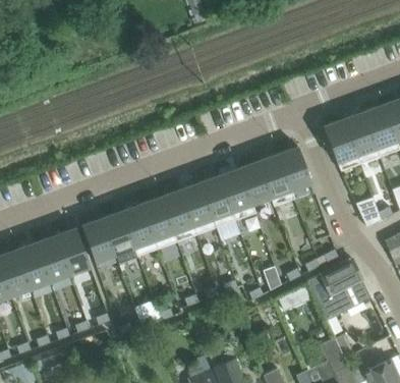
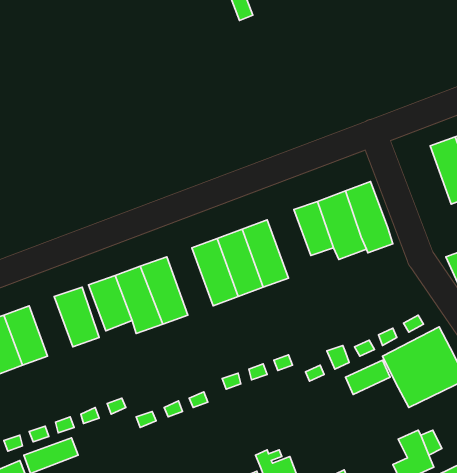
building: [324,118,360,170] -> none
building: [219,167,255,220] -> none
building: [141,197,177,249] -> none
building: [36,234,69,280] -> none

